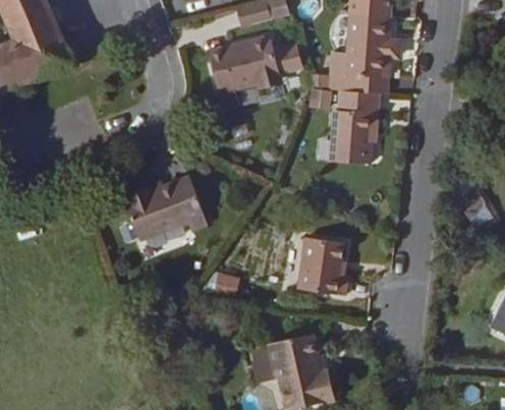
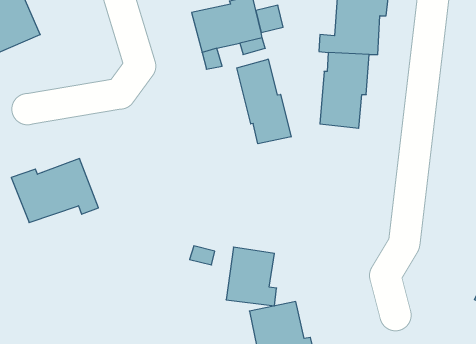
building: none -> [237,59,291,144]
building: [121,175,206,237] -> [11,159,98,223]
building: [300,232,349,289] -> [226,247,277,306]

